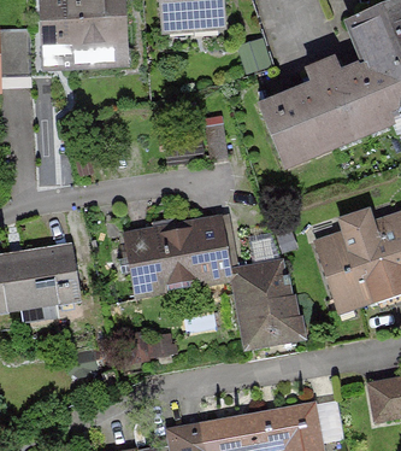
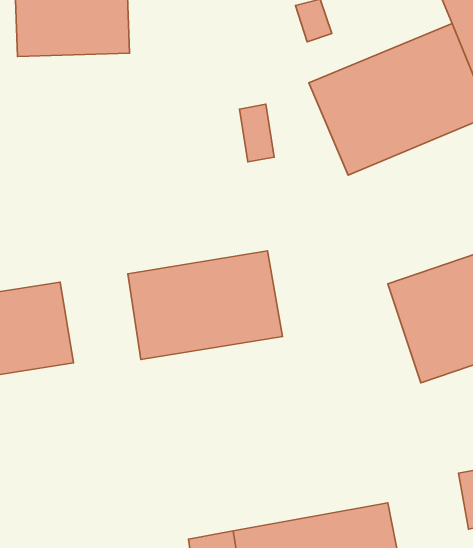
building: [238,259,299,351] -> none

